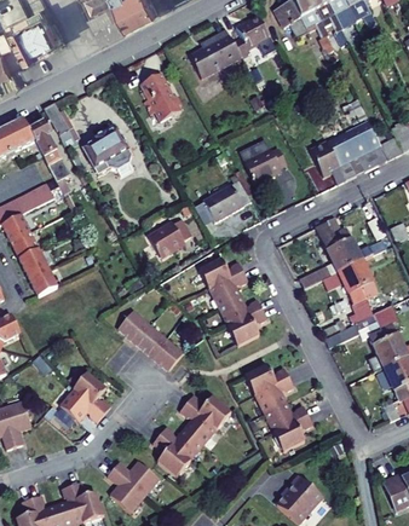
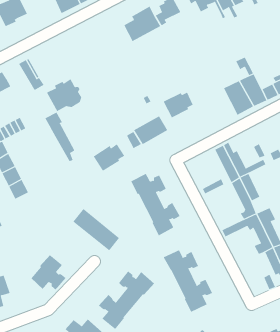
building: [139,74,182,122] -> none
building: [28,121,70,190] -> [45,112,75,162]
building: [310,143,346,184] -> none

